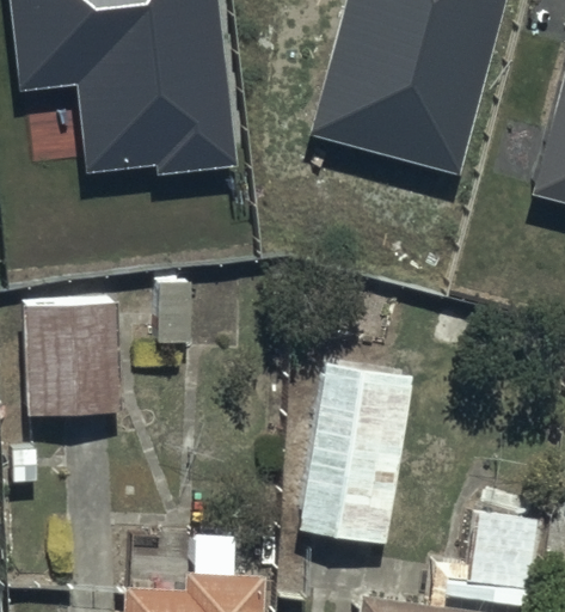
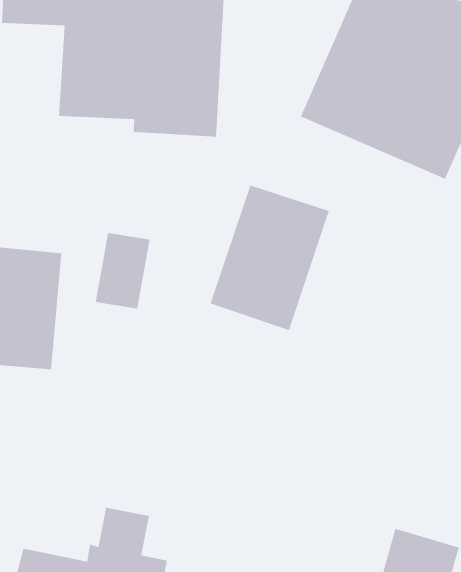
building: none -> [210,184,330,331]
building: [296,359,412,543] -> none

